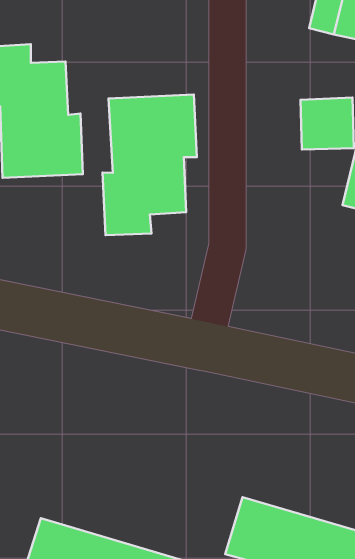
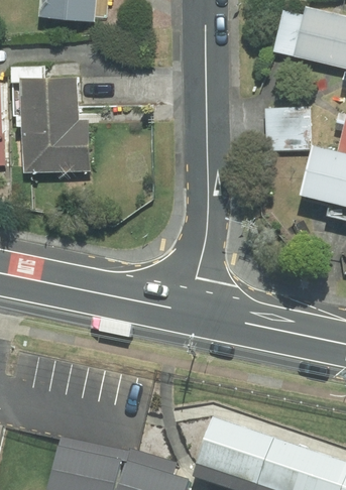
building: [102,95,197,235] -> none

